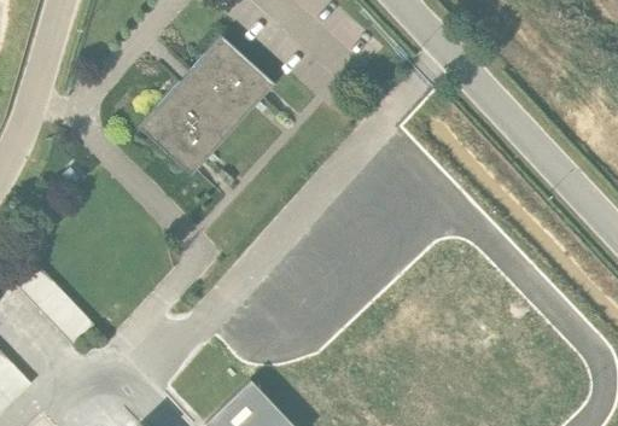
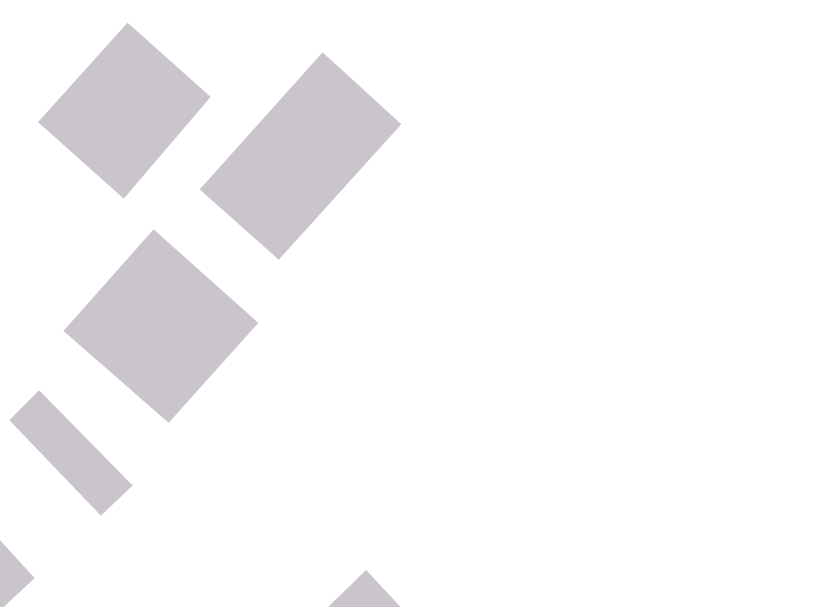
building: none -> [37,22,211,199]
building: none -> [63,228,259,424]

